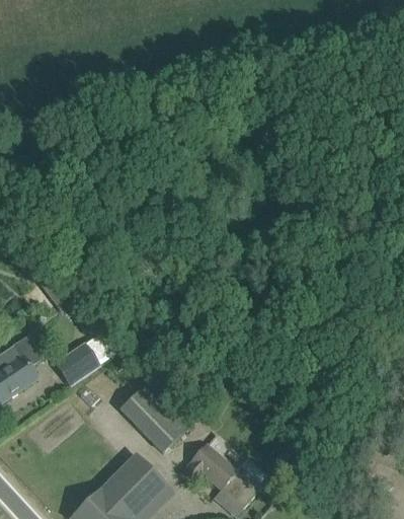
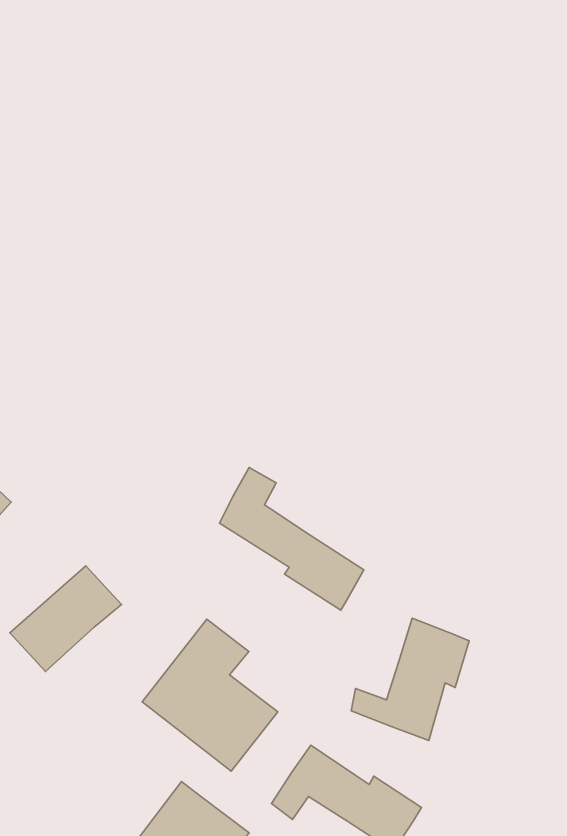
building: none -> [220,467,364,610]
building: none -> [351,618,469,740]

